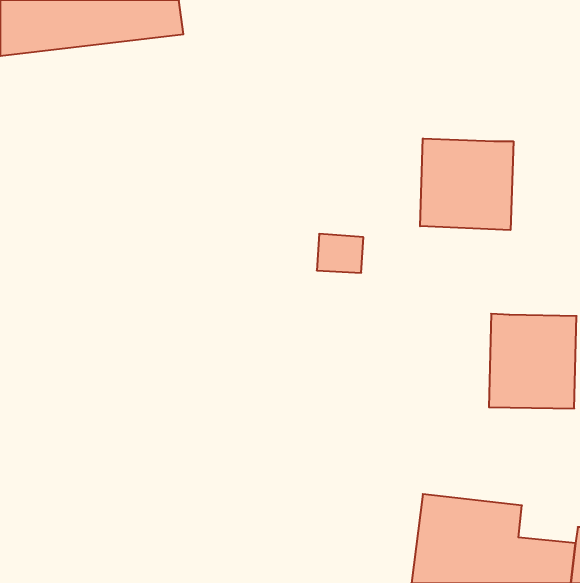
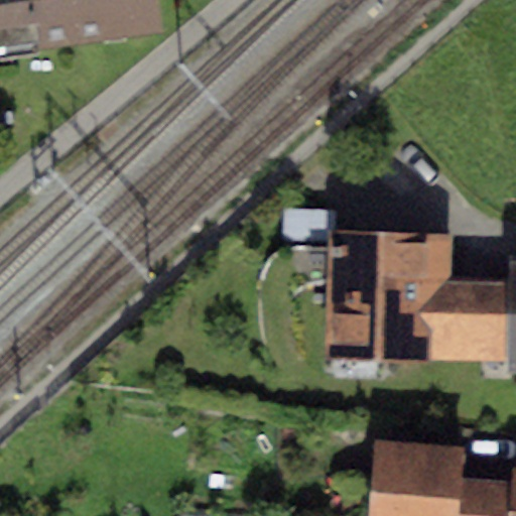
building: [420,138,513,230] -> none
building: none -> [330,235,454,360]

